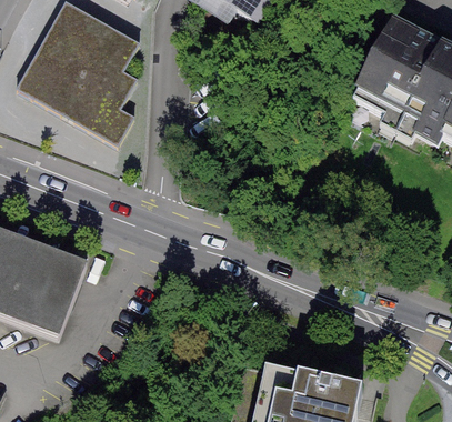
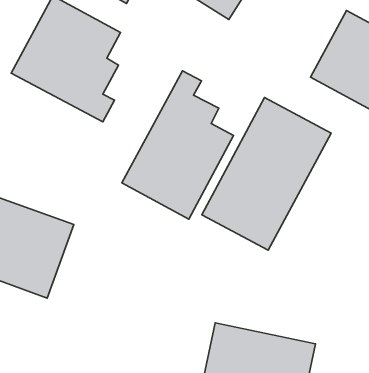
building: none -> [122,71,234,219]
building: none -> [202,98,331,250]

